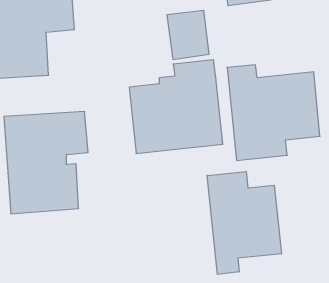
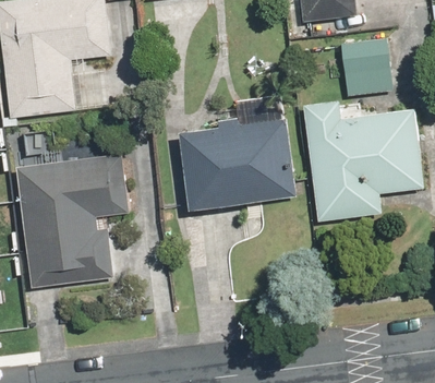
building: [167,10,209,59] -> [340,34,394,96]
building: [207,171,282,274] -> none

